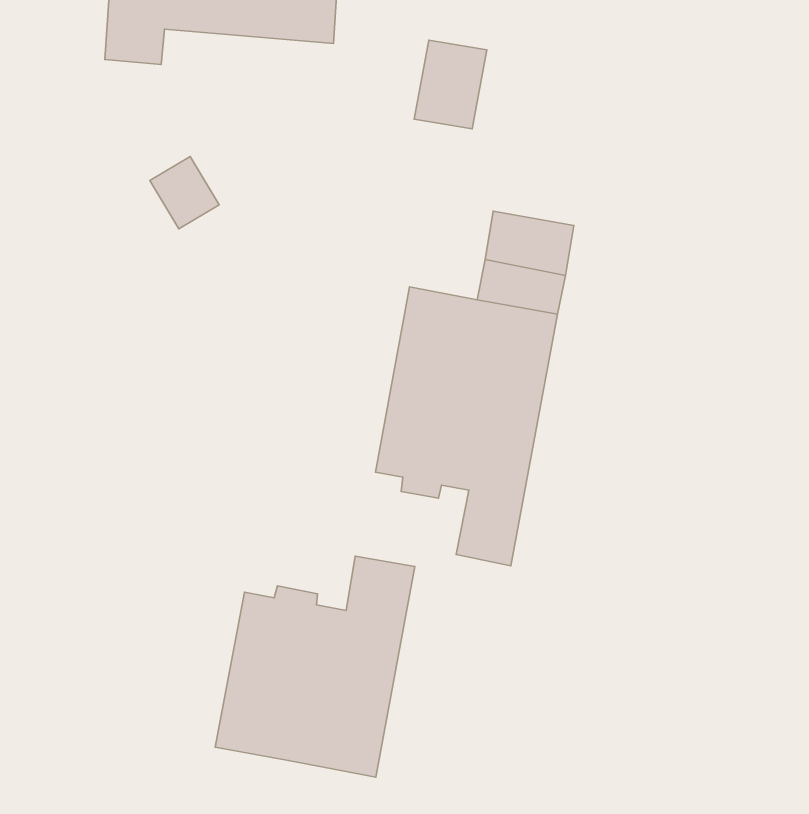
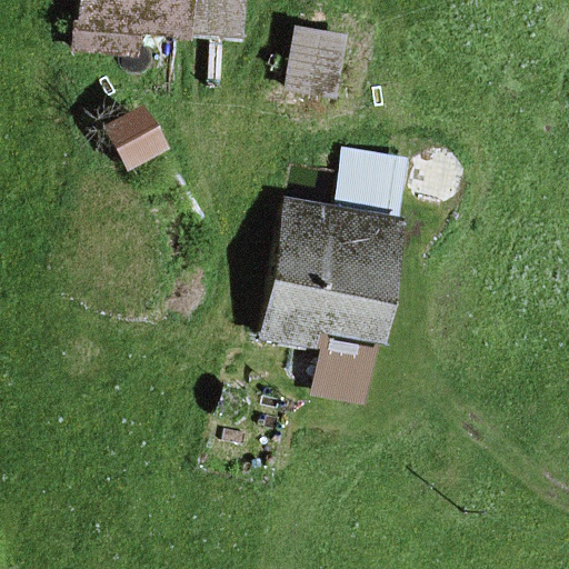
building: [215,556,415,777] -> none

